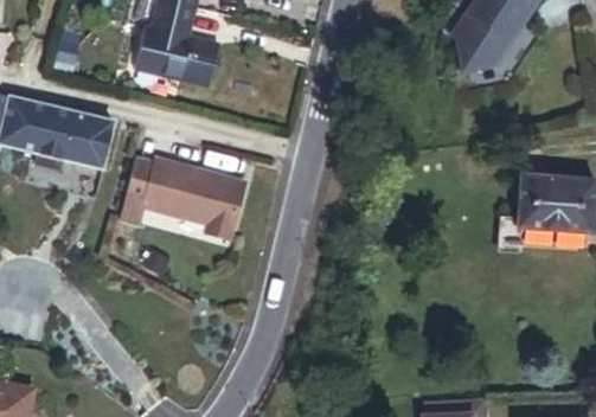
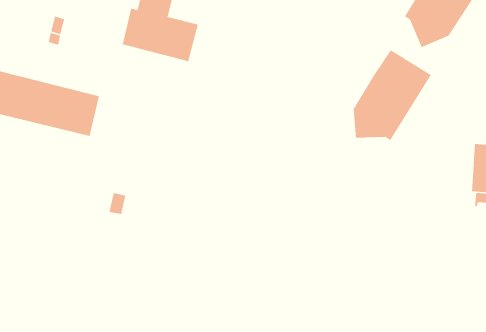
building: none -> [353,49,432,141]
building: [142,162,244,242] -> none

